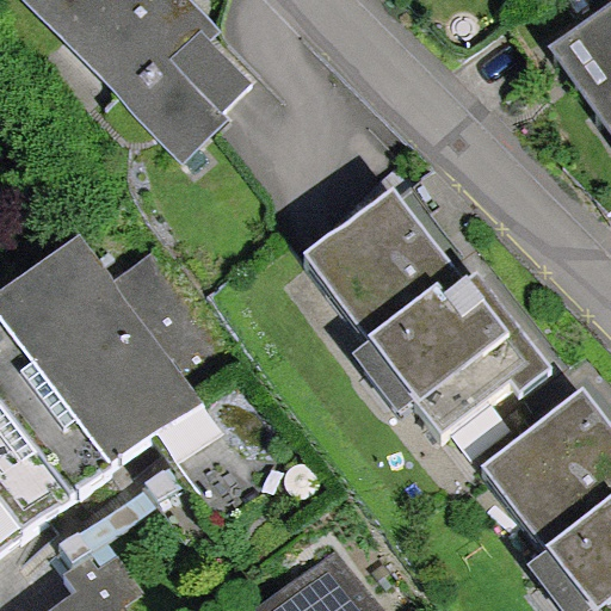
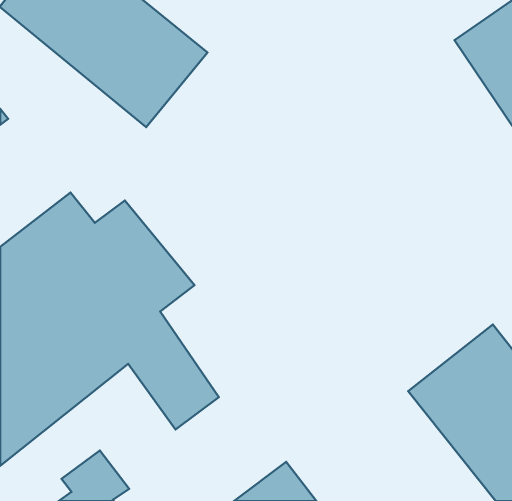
building: [291,196,514,436] -> none

